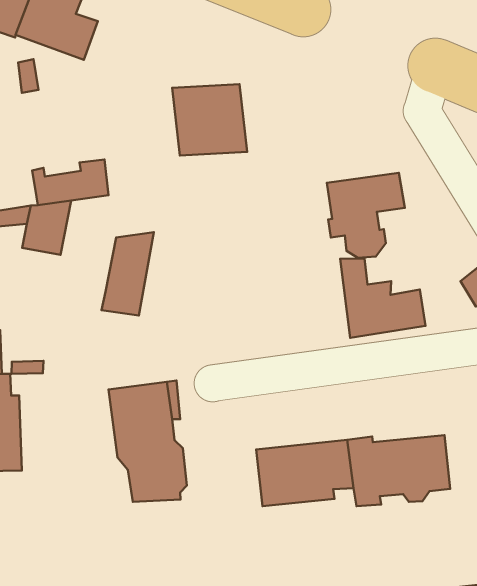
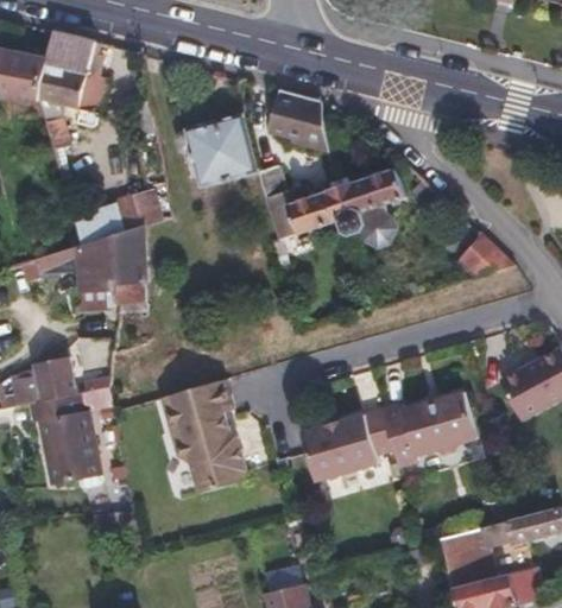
building: none -> [267,89,327,148]
building: [101,232,154,316] -> [106,227,141,302]
building: [340,258,425,338] -> [257,167,340,239]

